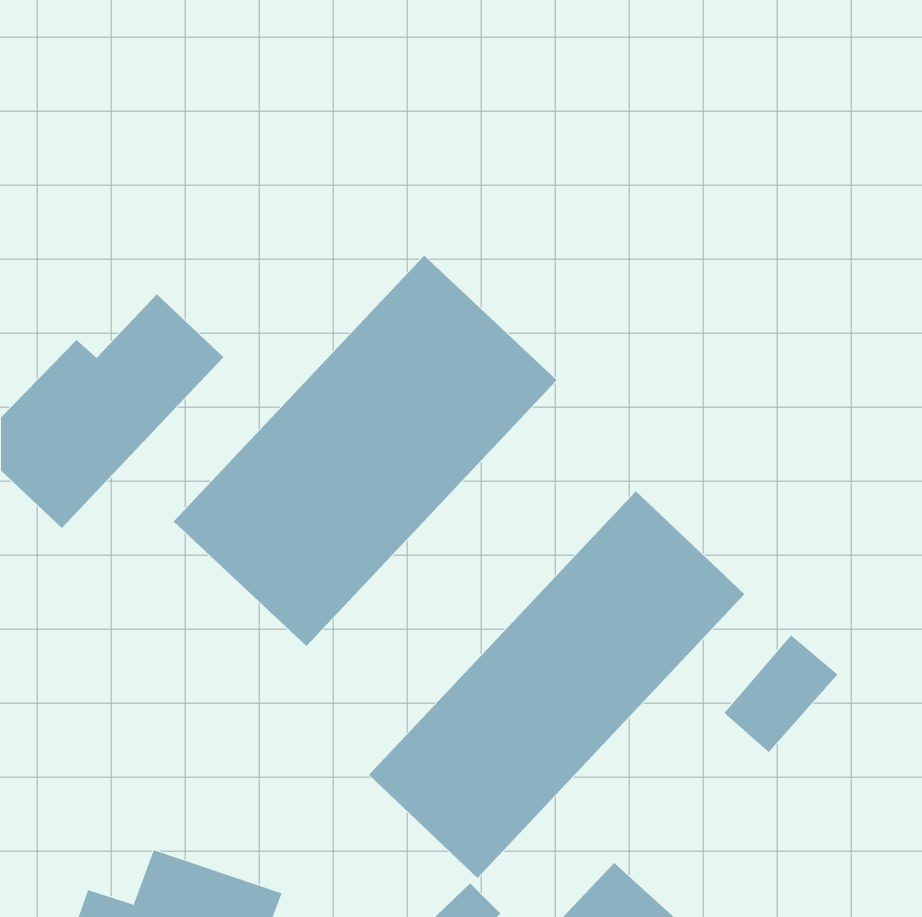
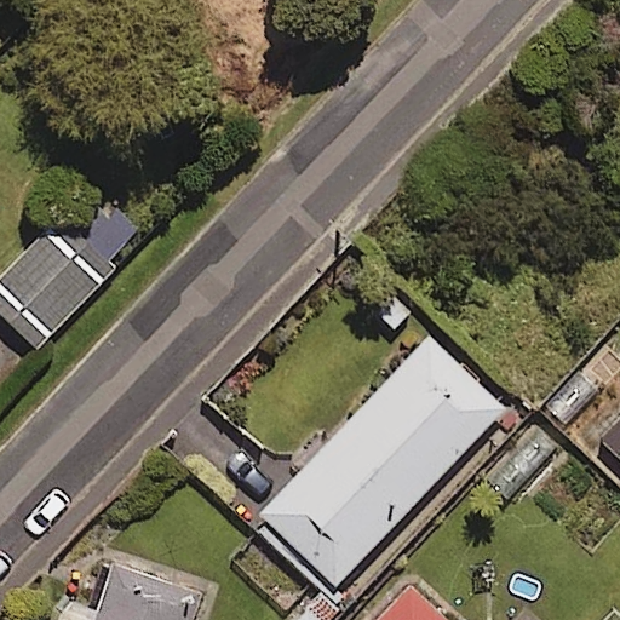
building: [173,255,558,647] -> none

